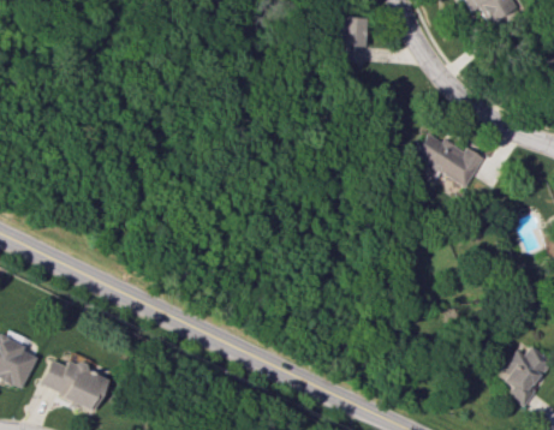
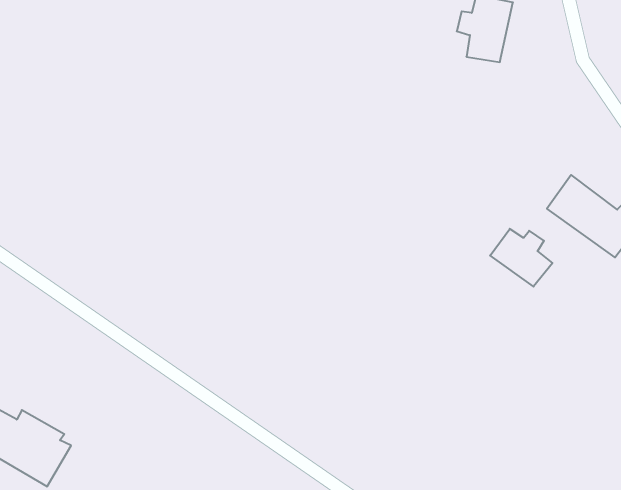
building: none -> [490,229,552,287]

